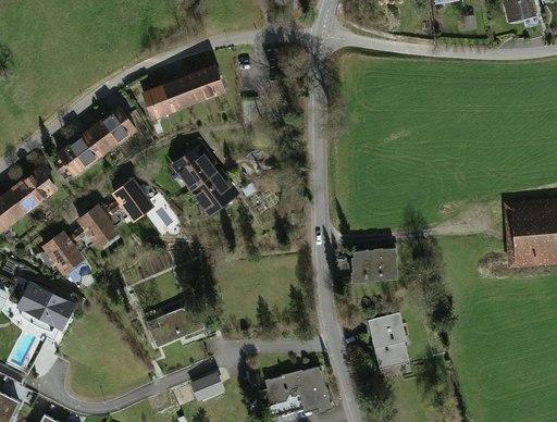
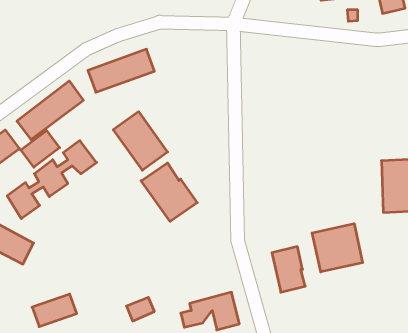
building: none -> [21,130,60,167]
building: none -> [141,163,197,221]
building: [352,245,399,278] -> none
building: none -> [312,224,363,272]
building: [148,306,203,346] -> [32,294,77,327]

